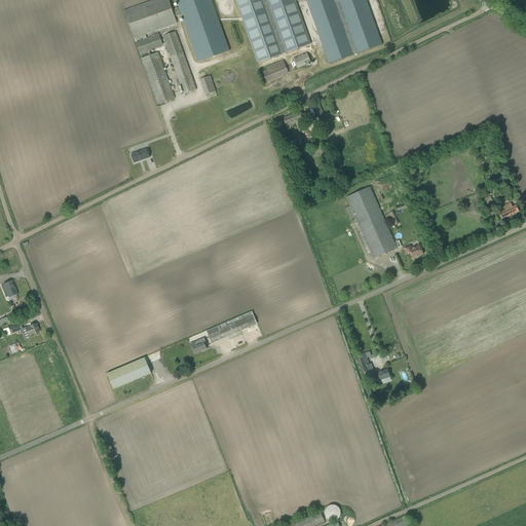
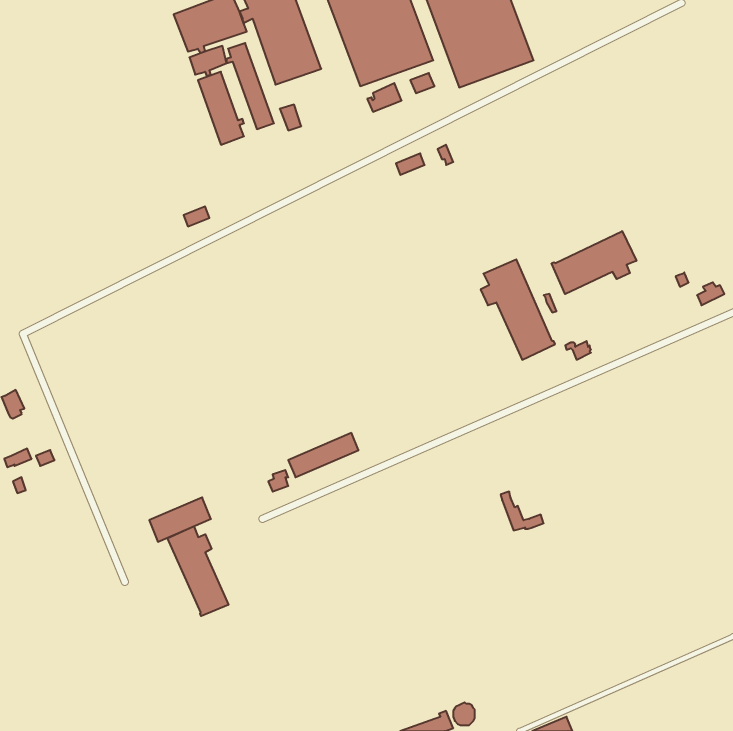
building: none -> [552,231,636,294]
building: none -> [167,526,228,616]

